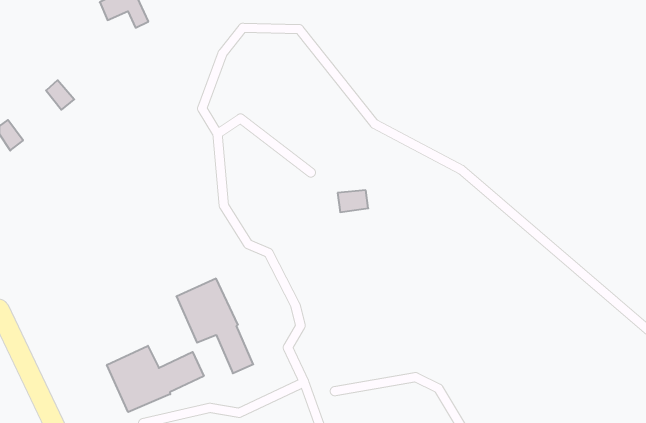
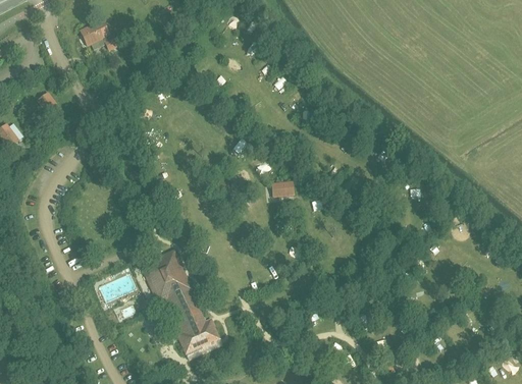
building: [107,346,204,412] -> none
building: none -> [177,323,218,352]

